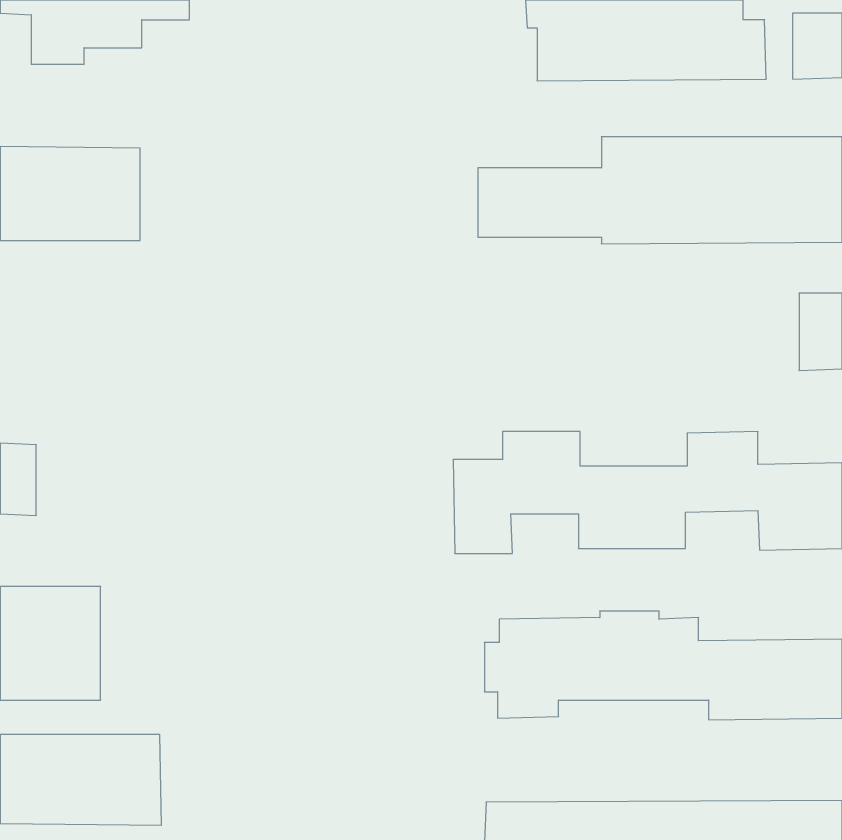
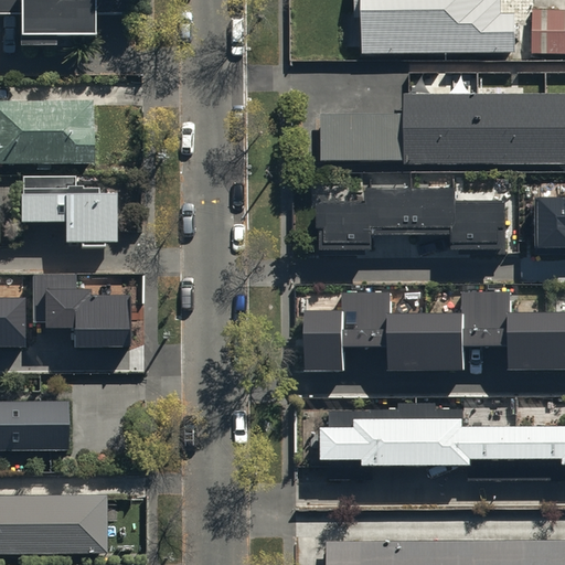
building: none -> [21,175,116,245]
building: none -> [318,185,502,257]
building: none -> [34,276,130,345]

